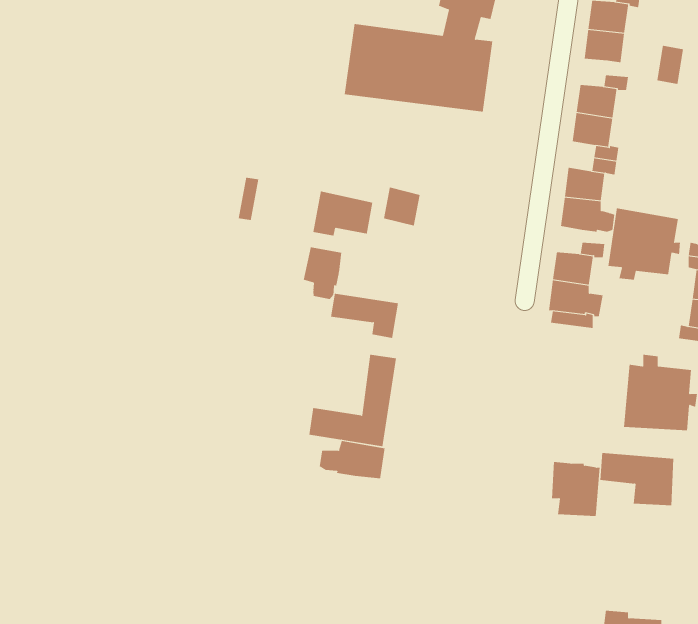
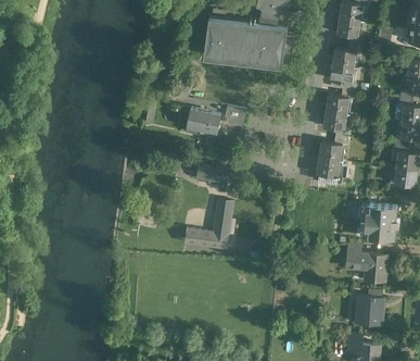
building: [608,207,681,281] -> none
building: [303,246,342,300] -> none
building: [319,440,385,479] -> none
building: [551,461,600,516] -> [356,295,383,325]

